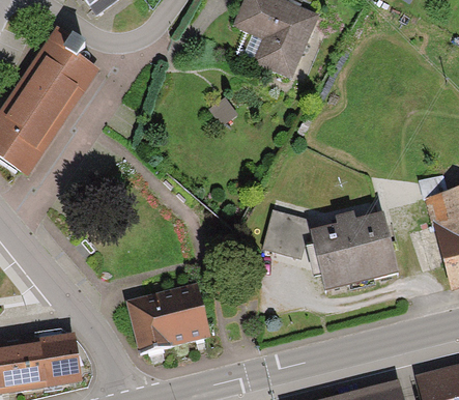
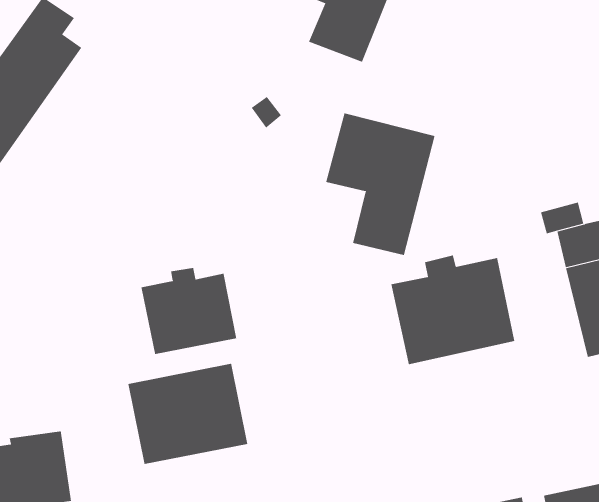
building: none -> [325,113,435,256]
building: [259,206,303,252] -> none
building: none -> [141,267,237,355]

